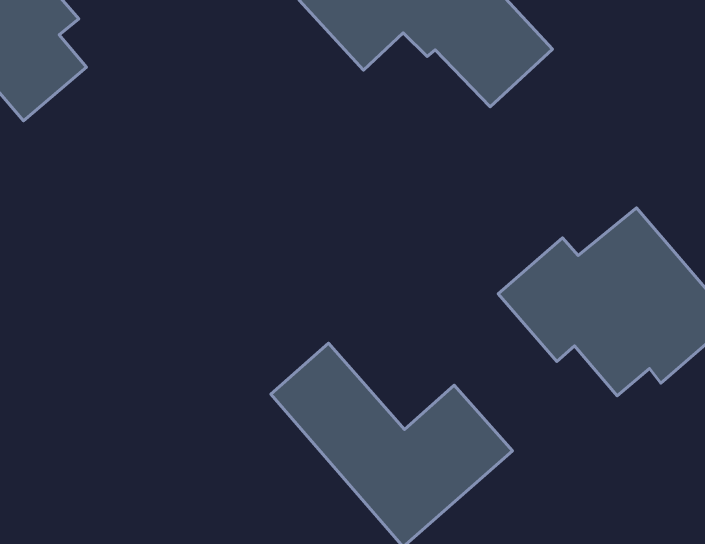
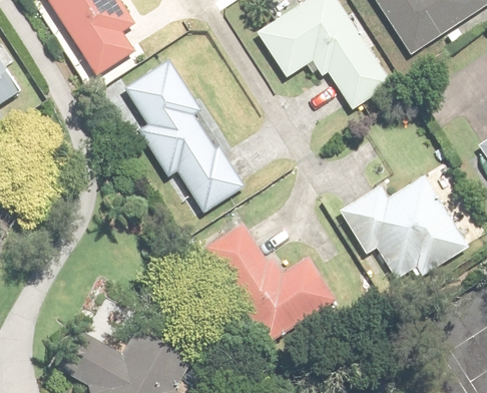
building: none -> [128,63,246,210]

